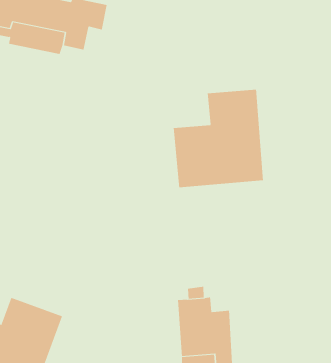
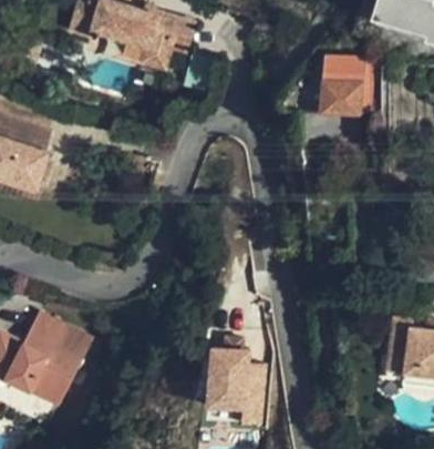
building: none -> [316,63,358,118]
building: [173,89,263,188] -> none

